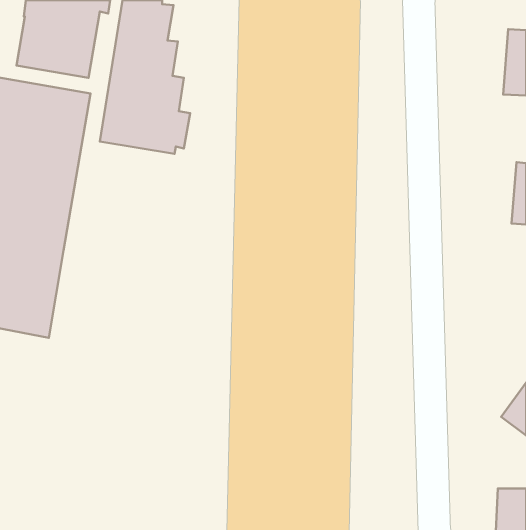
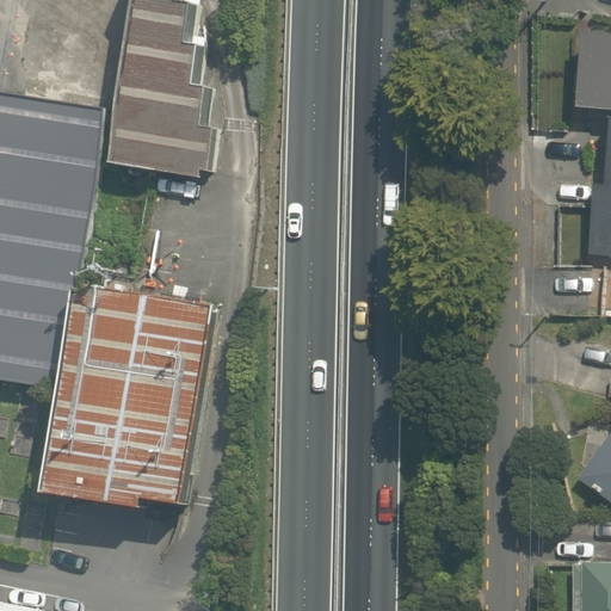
building: none -> [41,284,211,502]

